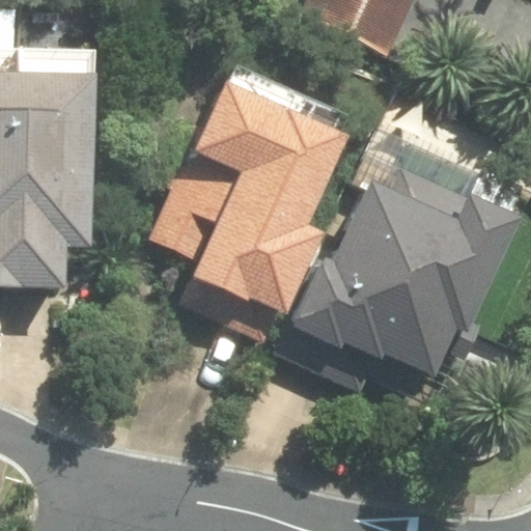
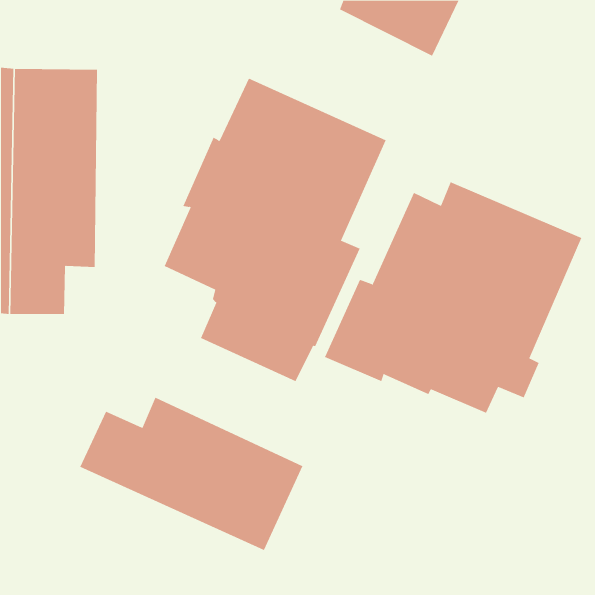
building: none -> [79,397,303,551]

